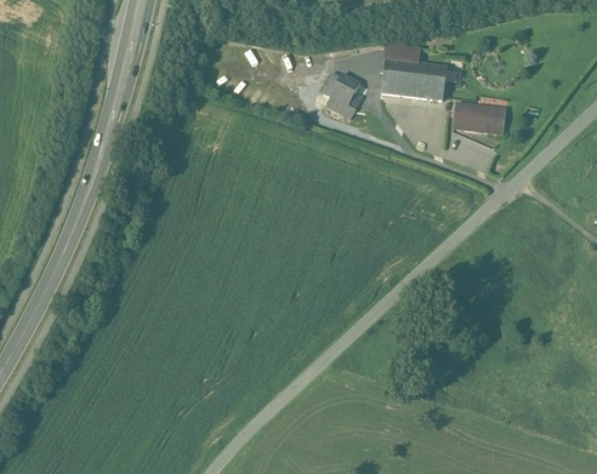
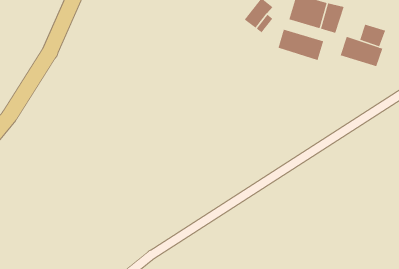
building: none -> [359,24,386,47]
building: none -> [278,29,324,61]

